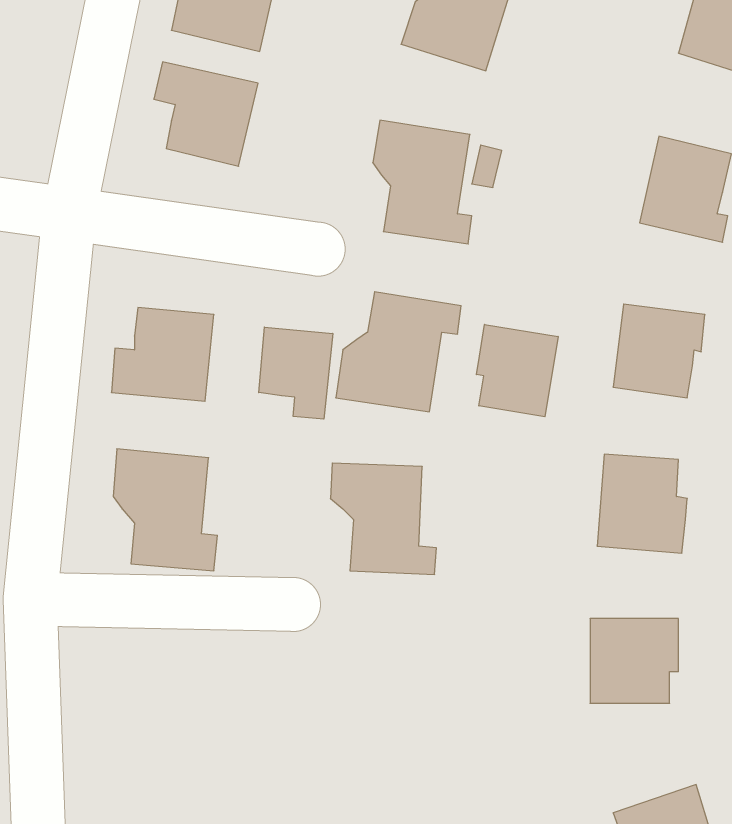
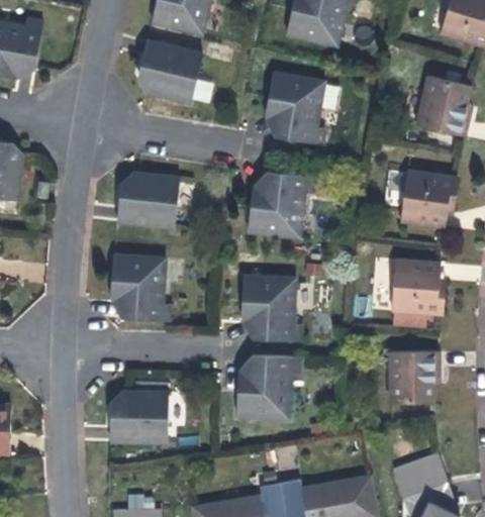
building: [476,324,558,417] -> none
building: [259,327,333,419] -> none
building: none -> [235,352,299,416]
building: none -> [110,388,166,439]

